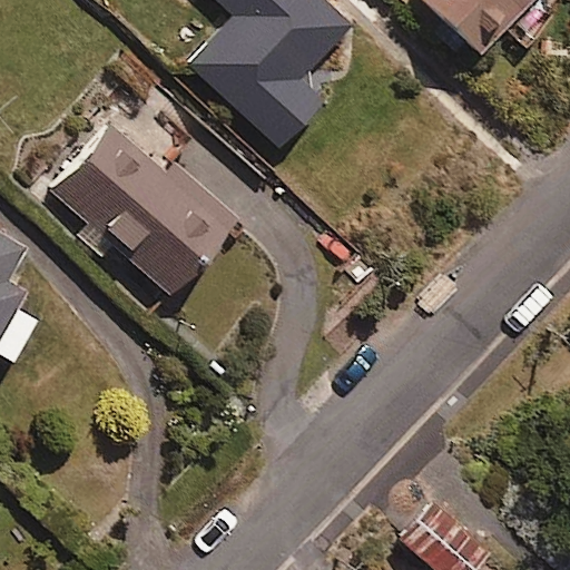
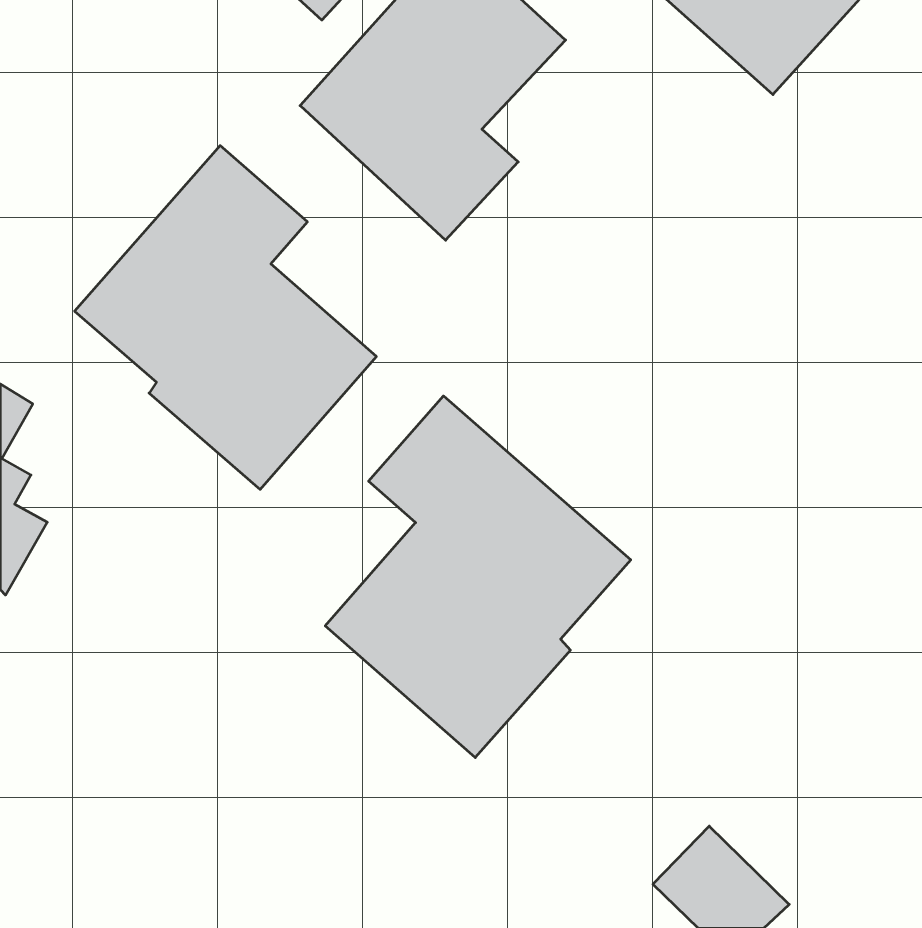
building: none -> [325,396,631,758]

